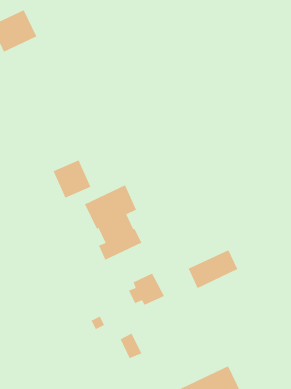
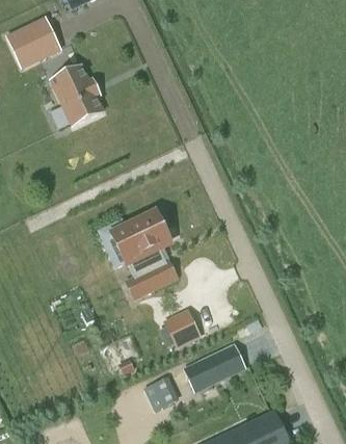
building: none -> [51,66,102,125]
building: [53,160,91,199] -> none
building: [188,250,238,289] -> [188,345,244,389]

